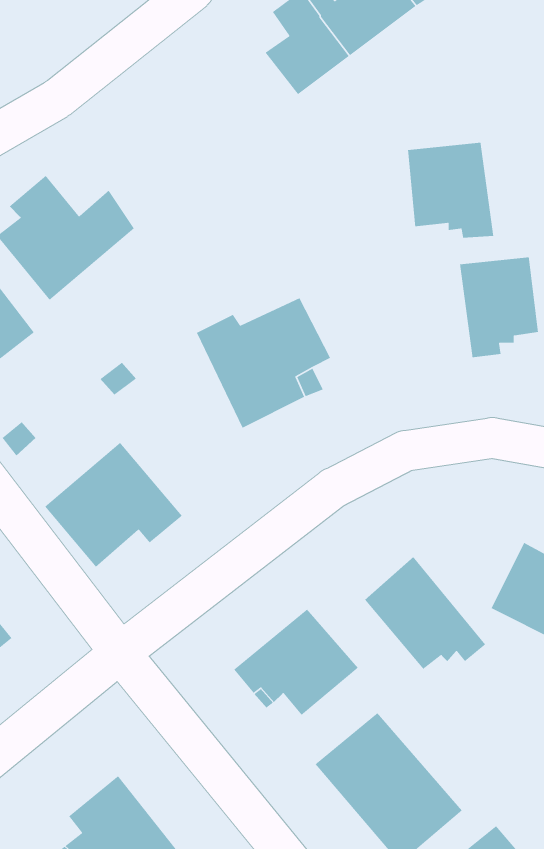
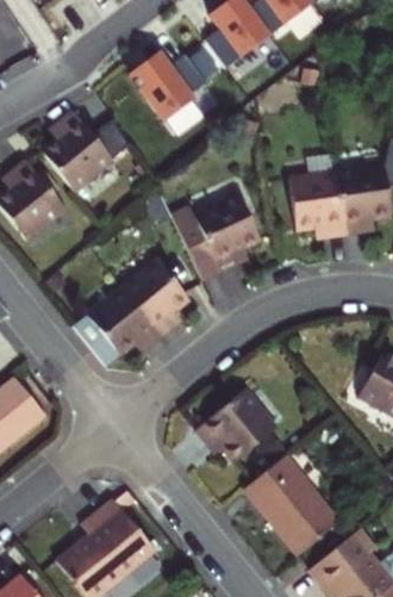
building: none -> [136,45,214,117]
building: [407,142,494,238] -> [289,170,345,232]
building: none -> [119,257,186,332]
building: [364,556,486,670] -> none

